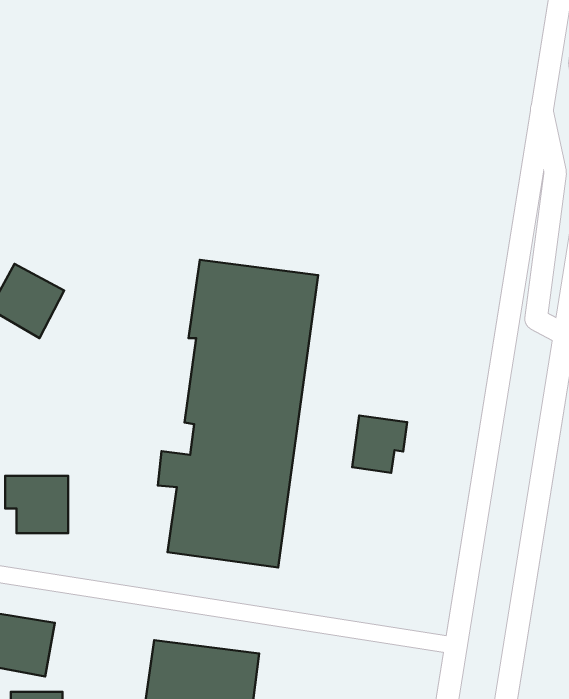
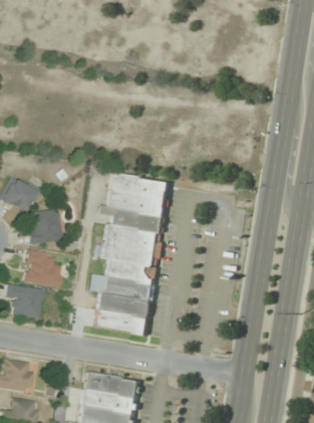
building: none -> [25,211,56,243]
building: none -> [20,250,58,285]
building: [352,416,407,473] -> none

